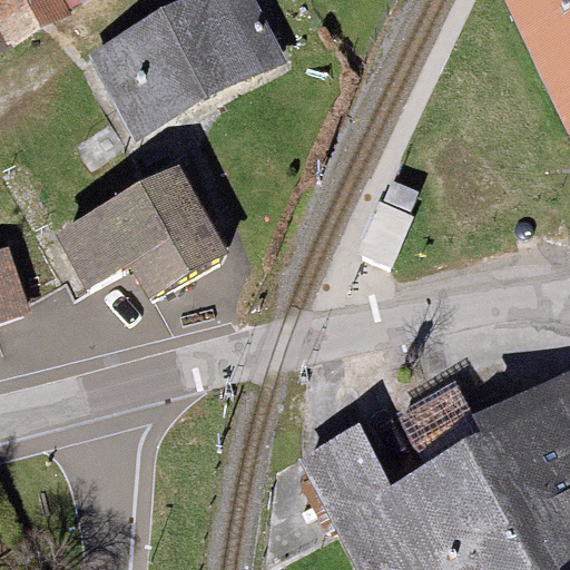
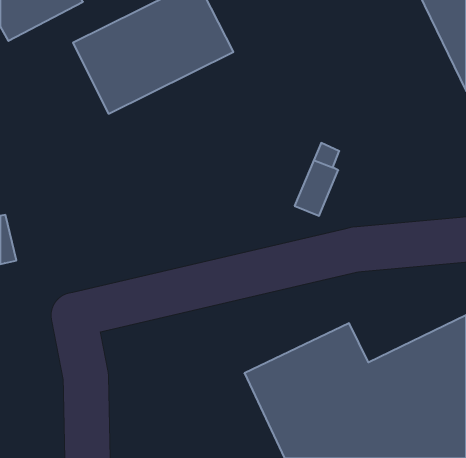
building: [55,163,228,291] -> none

